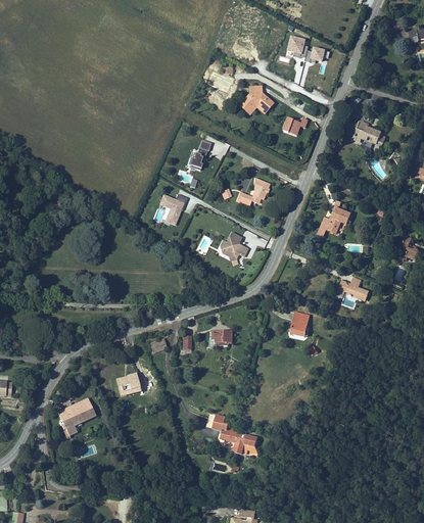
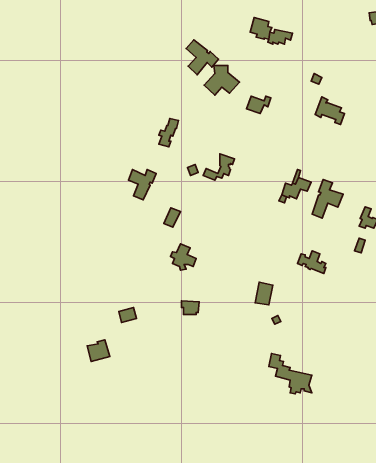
building: none -> [186,40,219,75]
building: none -> [312,180,343,218]
building: [222,235,248,263] -> [171,244,196,270]
building: [57,395,95,433] -> none
building: [213,414,257,456] -> [269,354,312,394]

